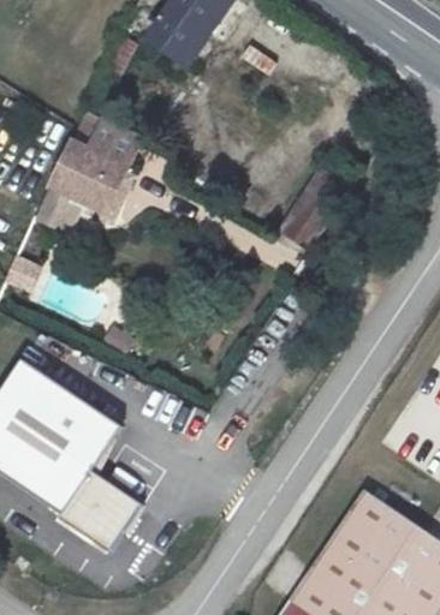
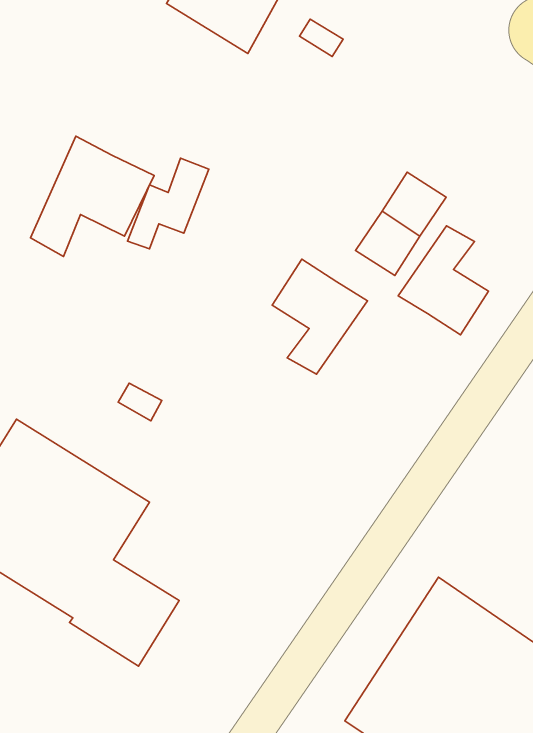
building: [95,125,142,171] -> none
building: none -> [398,226,488,335]
building: none -> [272,259,368,374]

